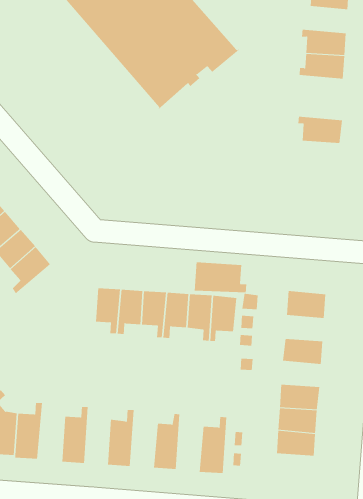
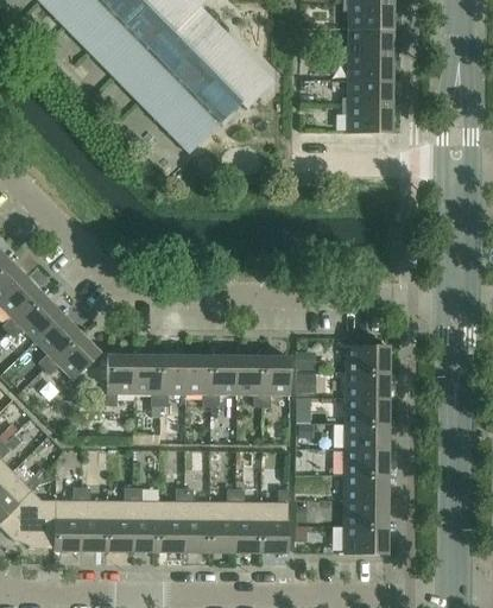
building: none -> [342,27,392,55]
building: [298,116,343,143] -> [342,104,392,132]
building: [194,262,247,293] -> none
building: none -> [44,332,100,378]
building: none -> [107,354,134,405]
building: none -> [346,372,388,398]
building: none -> [345,423,388,449]
building: none -> [81,487,107,551]
building: none -> [133,488,158,551]
building: none -> [184,488,210,551]
building: none -> [235,489,261,552]
building: none -> [343,526,387,553]

